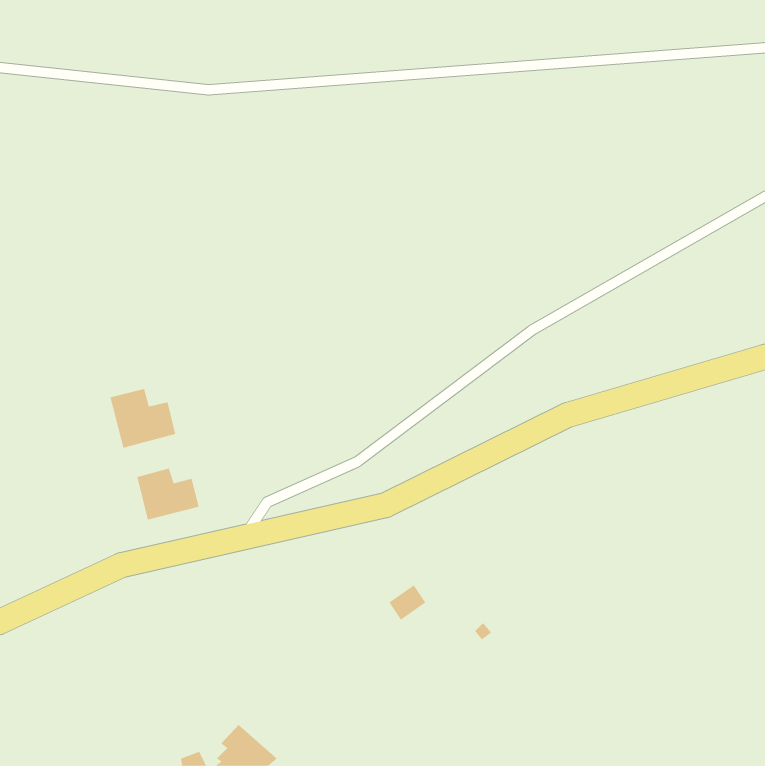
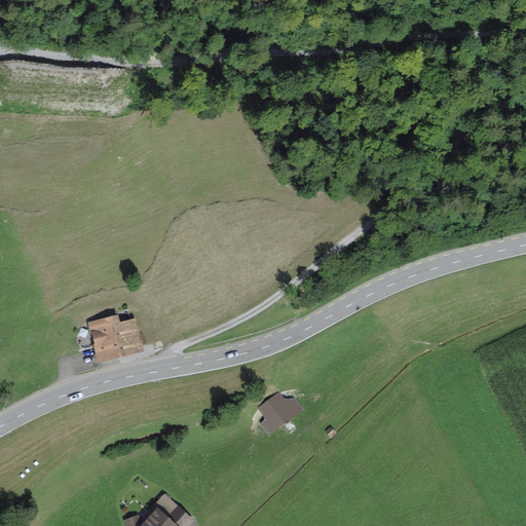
building: [110,388,176,449] -> none

